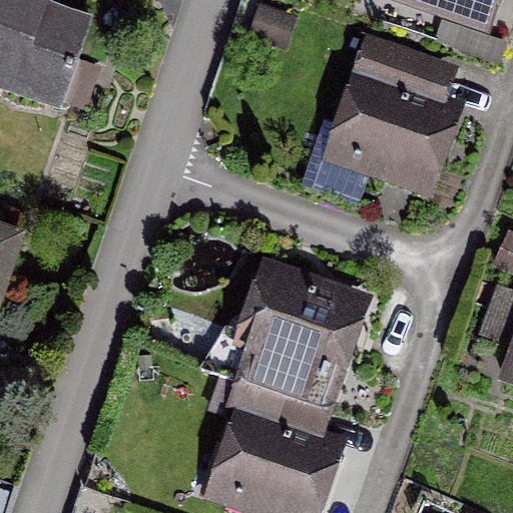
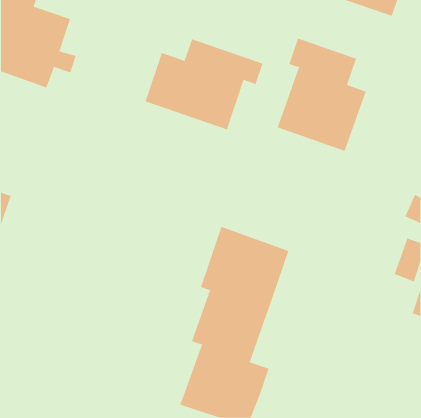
building: none -> [145,38,263,130]

